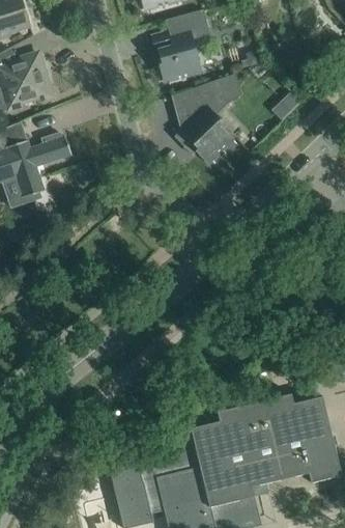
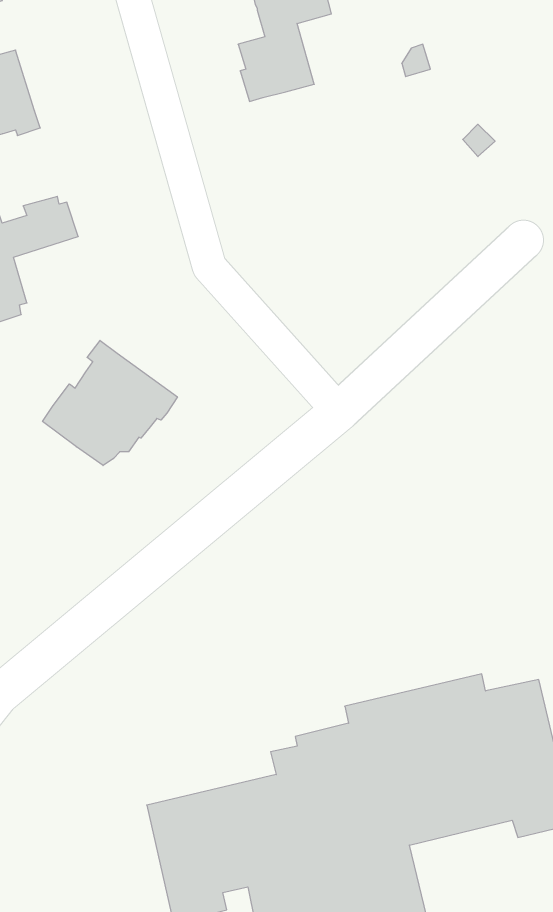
building: [172,78,235,162] -> none
building: none -> [43,340,177,466]

